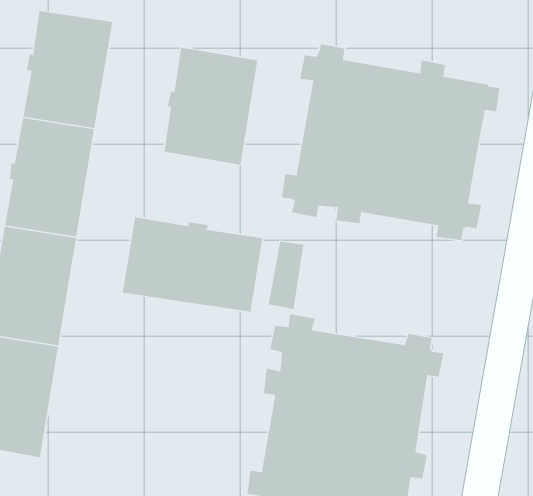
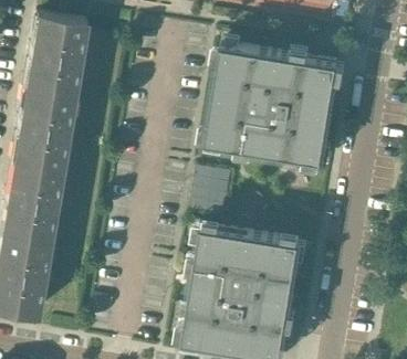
building: [164,47,258,165] -> none
building: [122,216,263,313] -> none

